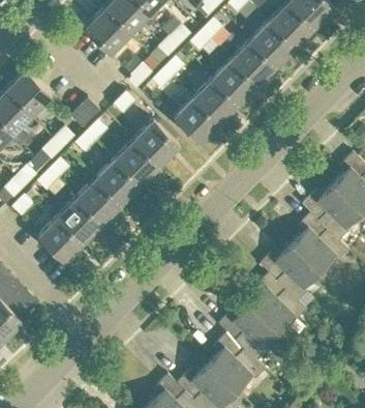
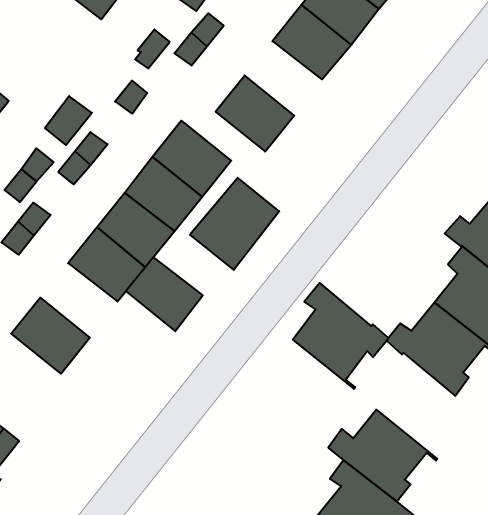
building: [192,79,238,124] -> none
building: none -> [190,178,279,270]
building: [57,198,102,243] -> [126,257,203,331]
building: [249,272,306,338] -> [293,283,388,389]

